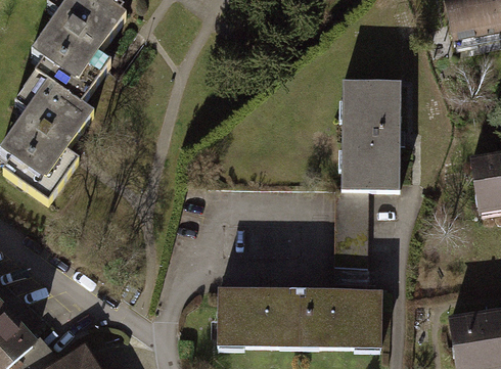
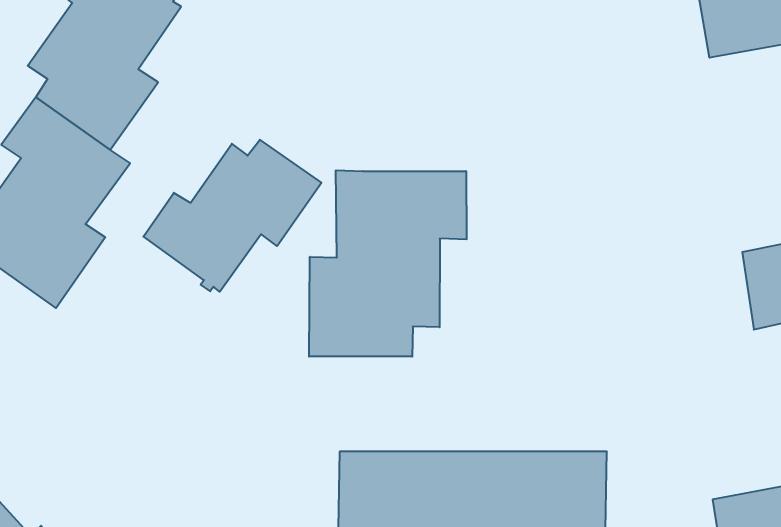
building: [346,82,405,188] -> none
building: none -> [143,140,321,292]
building: none -> [309,170,467,357]

